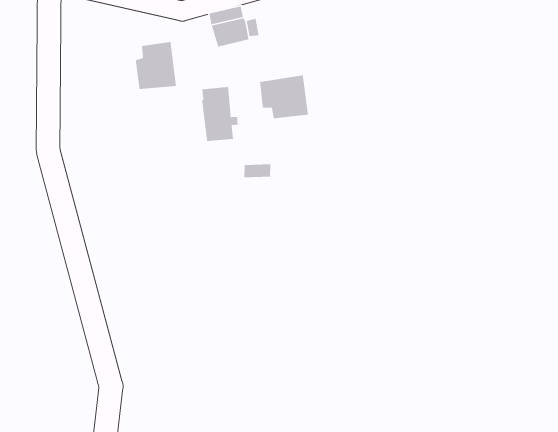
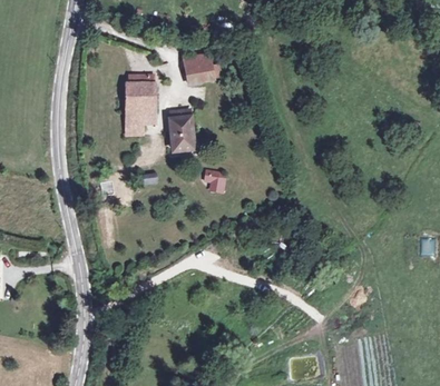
building: [259,75,309,119] -> none
building: none -> [126,108,154,129]

